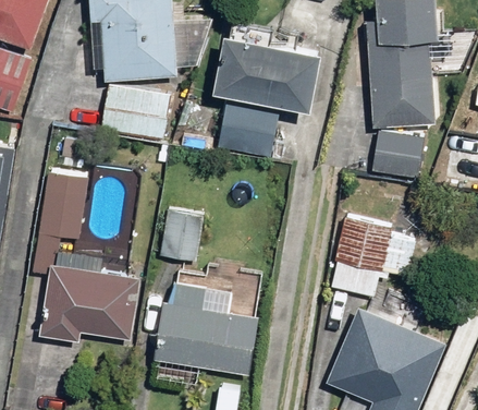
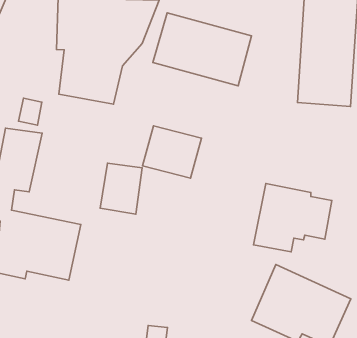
building: [217,101,281,158] -> [143,126,201,178]
building: [372,130,426,178] -> none
building: [156,282,259,389] -> none

